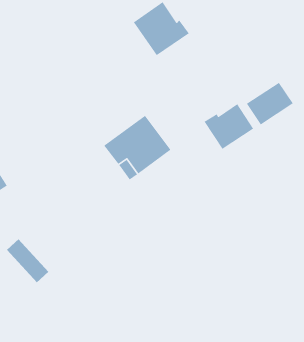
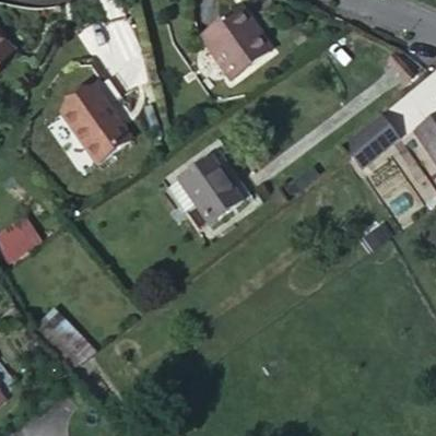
building: none -> [60,79,130,163]
building: [204,103,254,150] -> none

